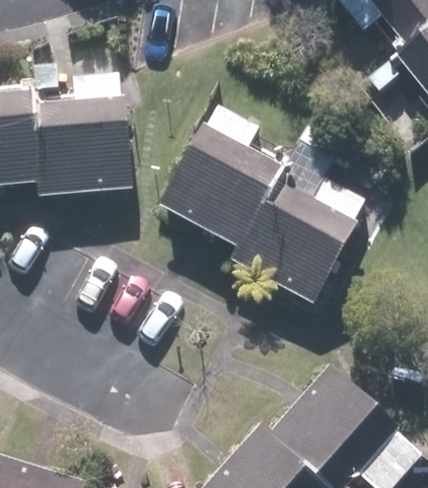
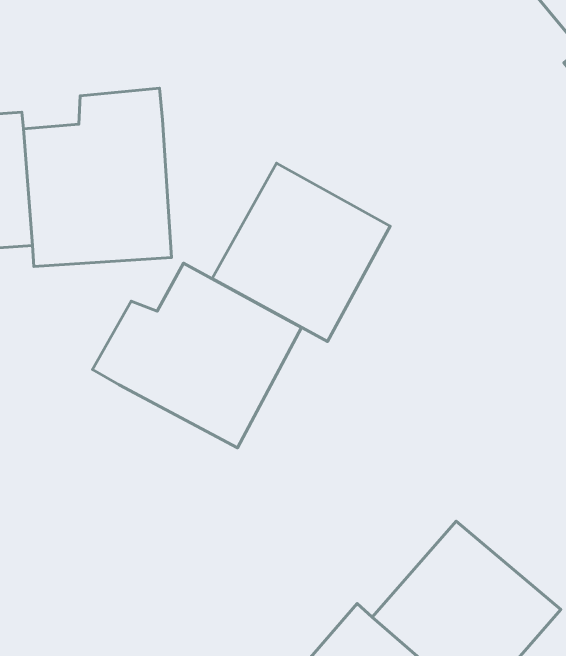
building: [231,177,359,302] -> none
building: none -> [92,263,302,448]

